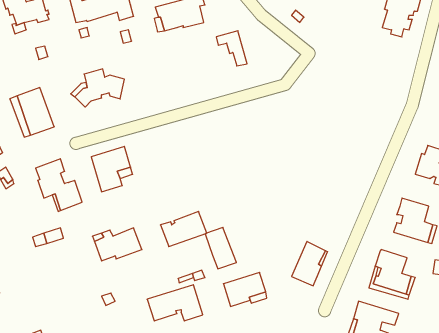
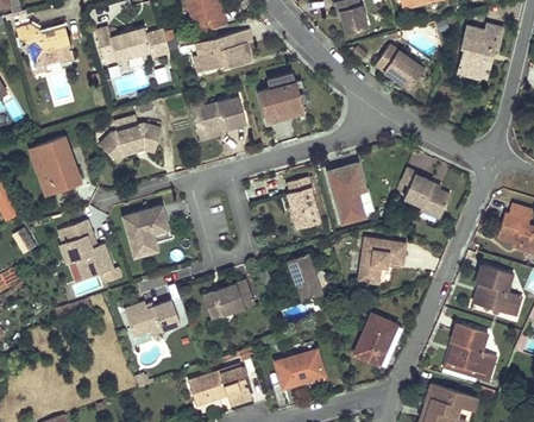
building: none -> [376,44,423,88]
building: none -> [256,86,291,125]
building: none -> [191,95,246,134]
building: none -> [328,163,365,222]
building: none -> [404,174,451,218]
building: none -> [287,177,320,228]
building: none -> [358,237,407,284]
building: [205,227,236,269] -> [287,253,322,301]

